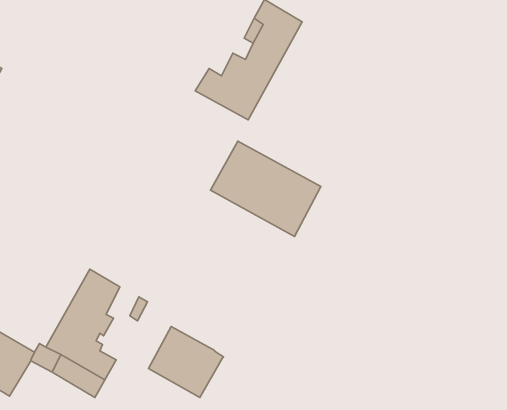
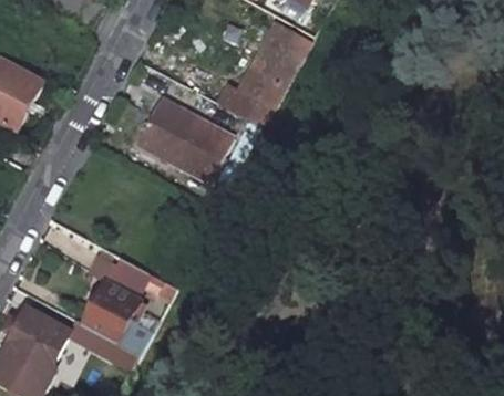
building: [210,141,321,237] -> [134,97,232,181]
building: [148,327,224,397] -> none

